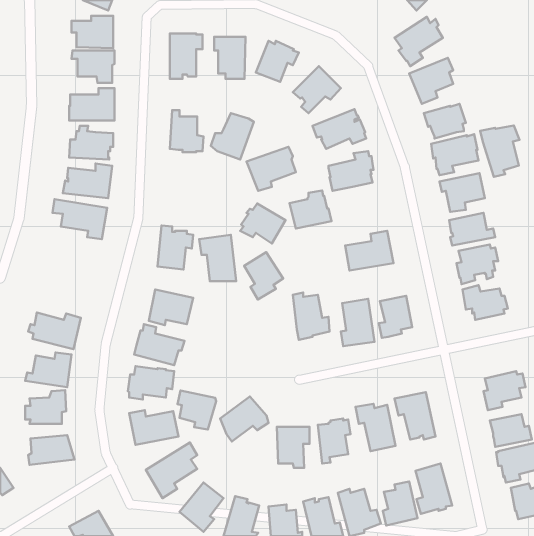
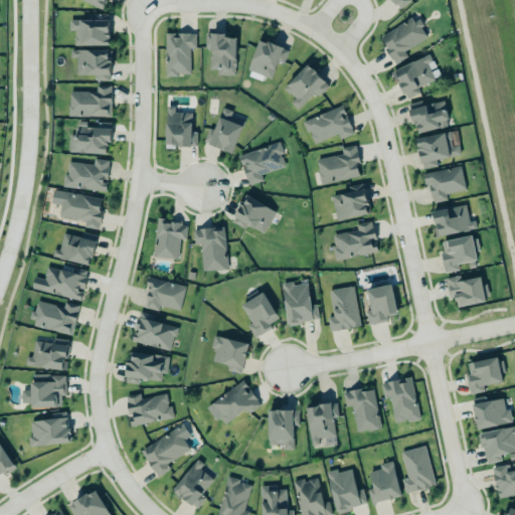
building: [480,125,519,177] -> none
building: [290,191,332,228] -> [331,183,371,219]
building: none -> [52,232,97,265]
building: [244,252,283,299] -> [241,292,279,337]
building: none -> [33,265,89,301]
building: [177,391,216,429] -> [211,335,248,372]

